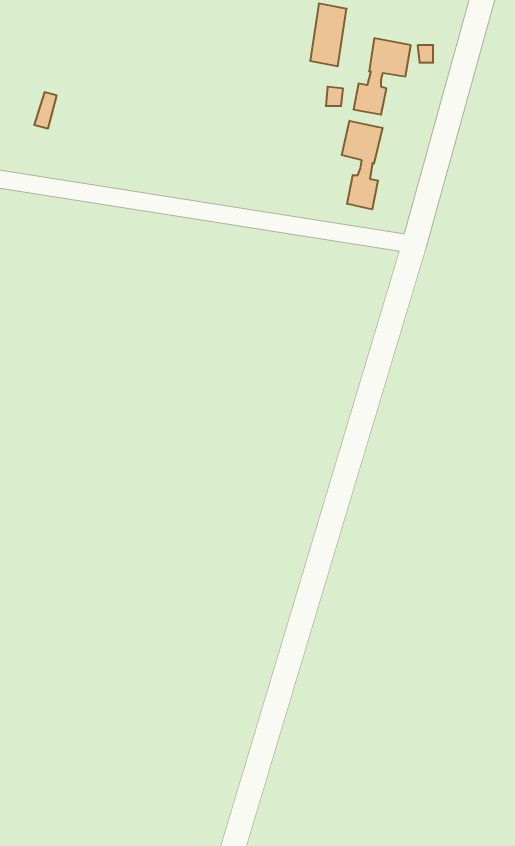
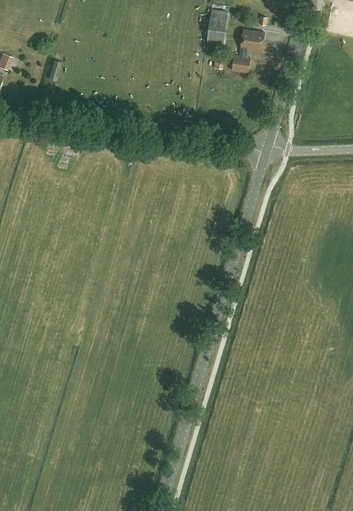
building: [342,121,382,209] -> none

